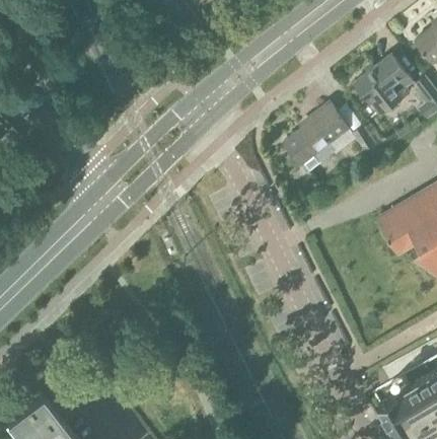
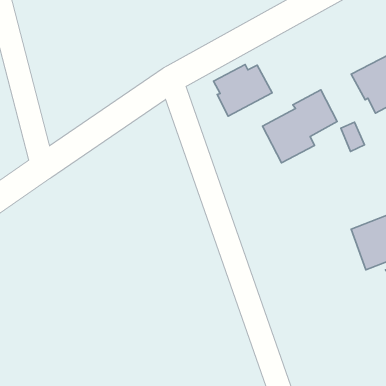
building: none -> [213,65,272,116]

